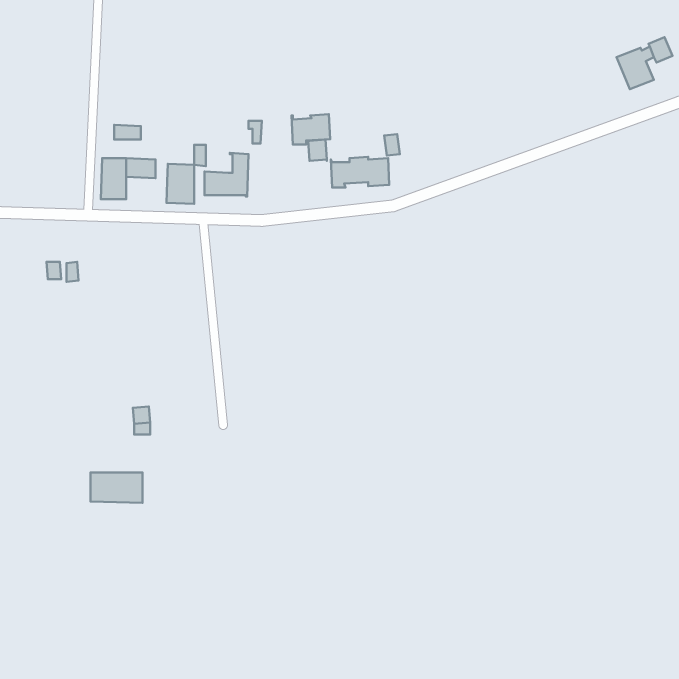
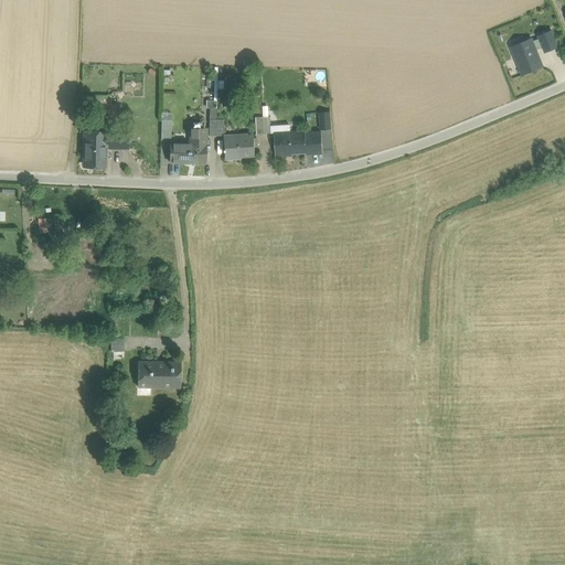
building: [292,114,330,145] -> [223,134,255,159]
building: [166,164,194,204] -> none
building: [91,472,142,503] -> [138,362,181,387]

